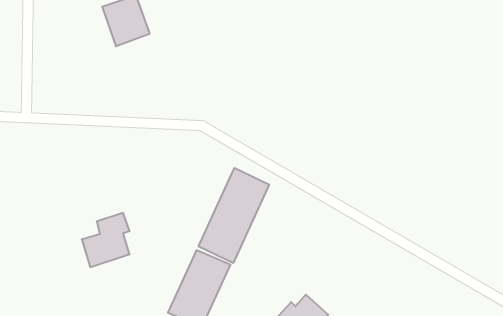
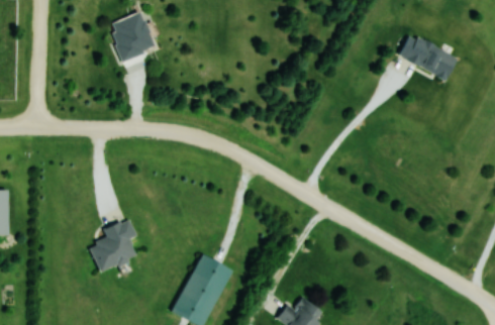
building: none -> [399,34,458,79]
building: [199,168,269,263] -> none

